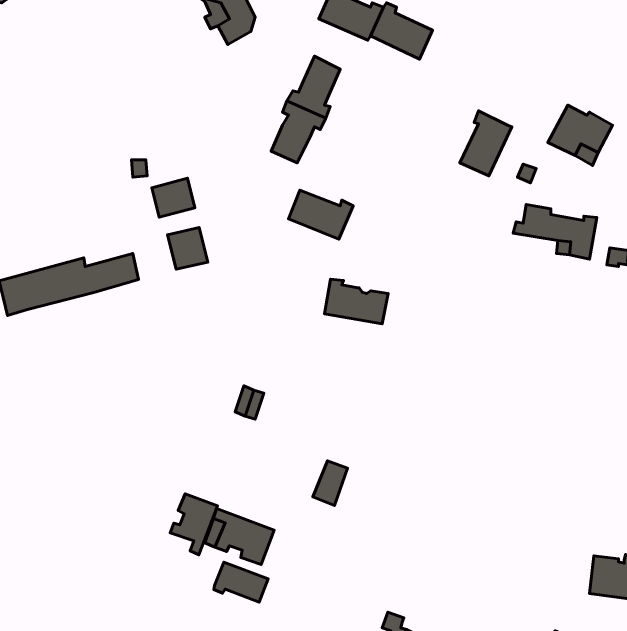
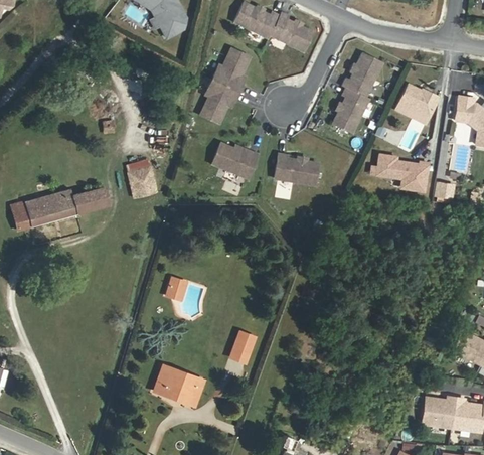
building: none -> [342,52,381,97]
building: [152,178,195,217] -> none
building: [325,279,388,324] -> [274,153,318,184]
building: [170,494,217,555] -> none
building: [214,562,268,602] -> none

